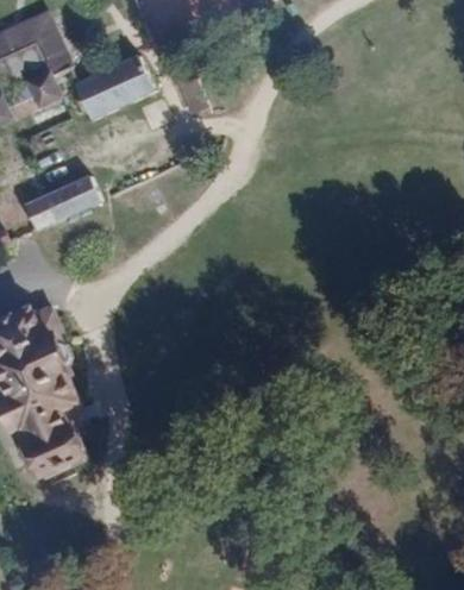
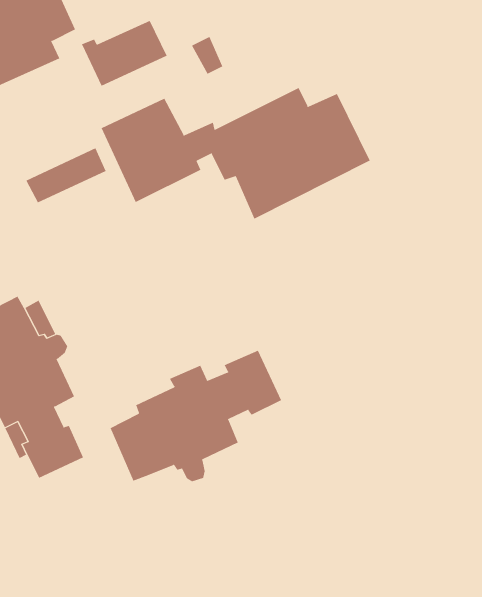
building: none -> [101,87,371,219]
building: none -> [110,350,282,482]

